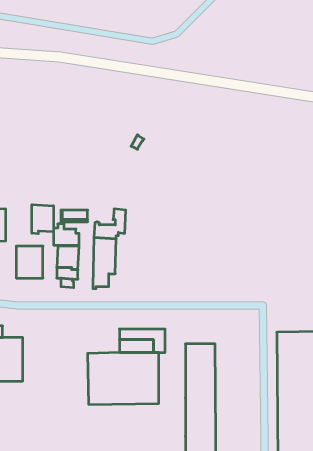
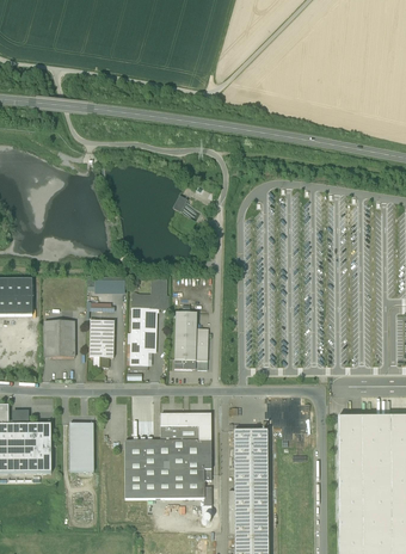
building: [32,205,54,234] -> none
building: none -> [174,310,208,368]
building: none -> [69,421,94,469]

